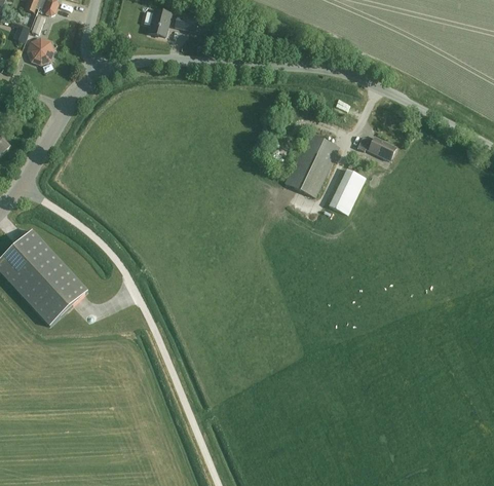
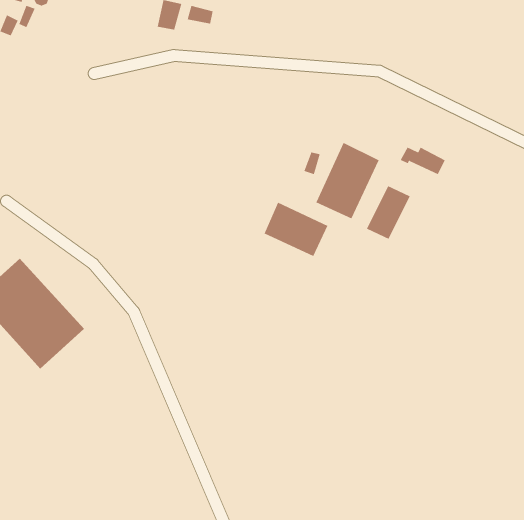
building: [27,37,53,64] -> none
building: none -> [264,202,328,257]

